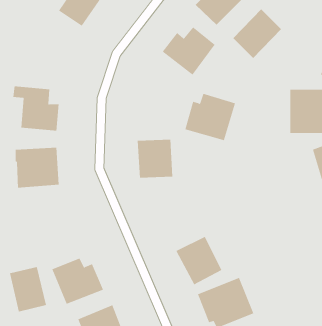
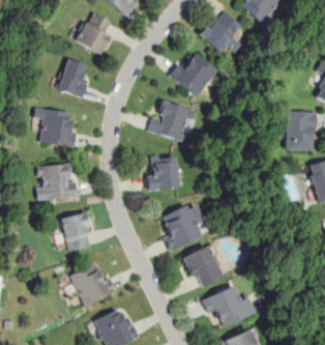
building: [232,9,282,59] -> none
building: none -> [57,58,92,99]
building: [185,93,236,141] -> [148,100,195,144]
building: none -> [158,204,203,251]
building: [9,266,47,312] -> [61,212,95,254]

